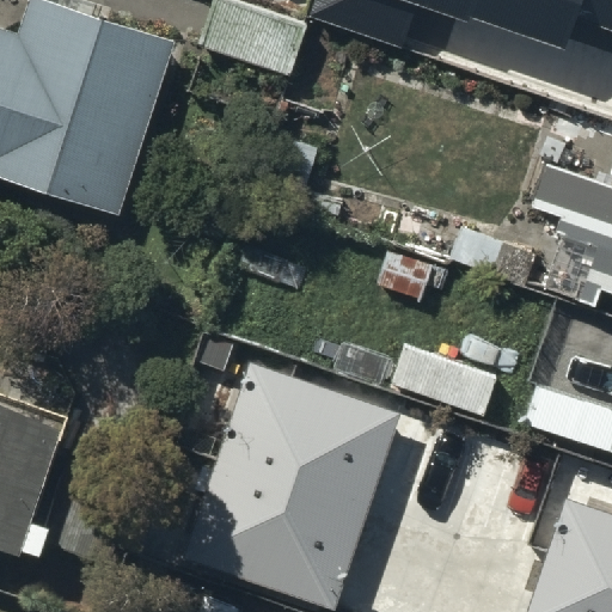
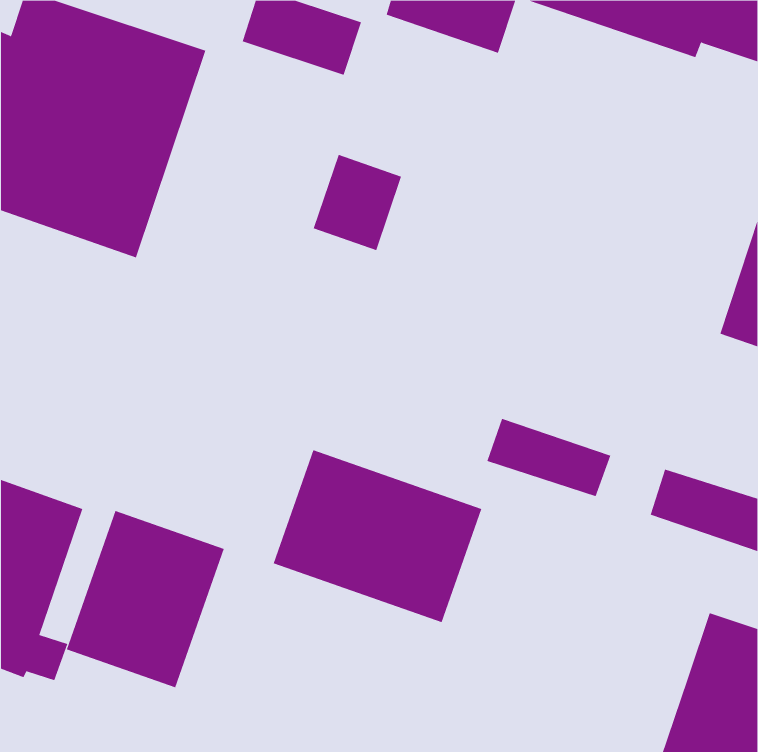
building: none -> [66,510,224,688]
building: [190,459,356,592] -> none

